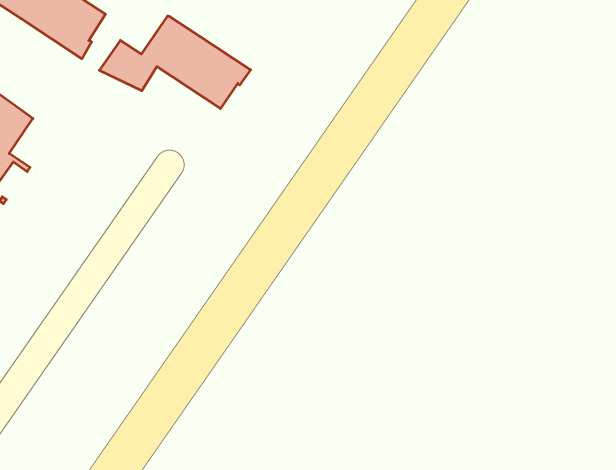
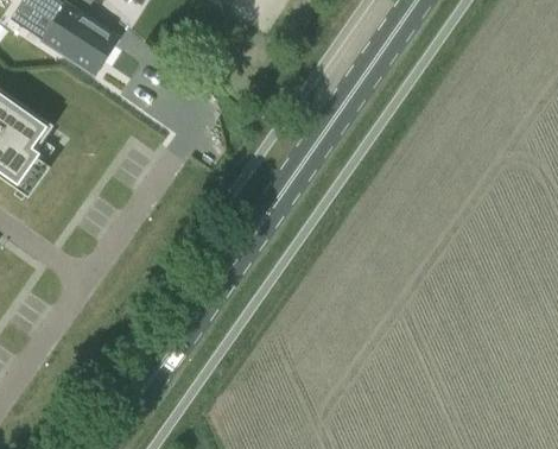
building: [99,16,251,109] -> none

